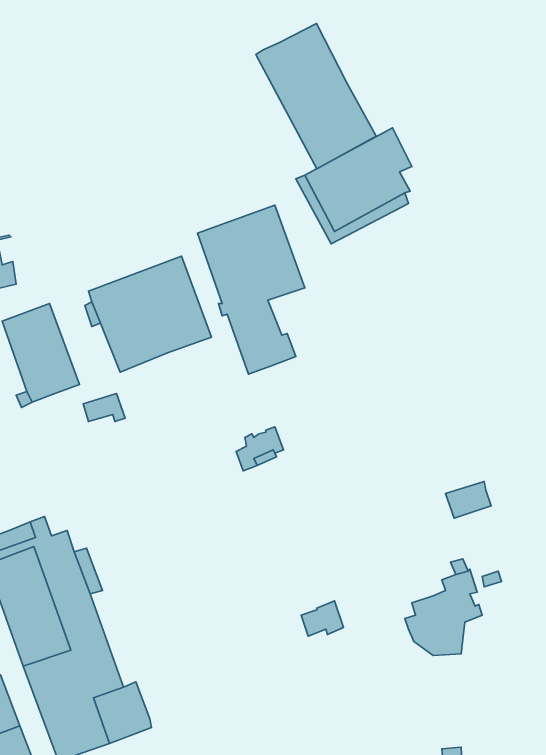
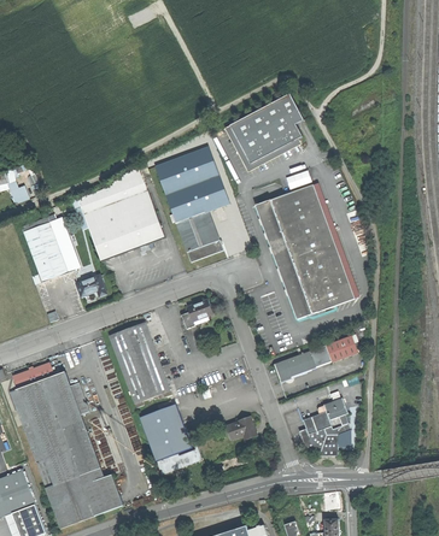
building: [256,24,376,169] -> none
building: none -> [254,183,353,319]
building: none -> [109,320,170,402]
building: none -> [274,343,332,378]
building: none -> [140,402,192,459]

